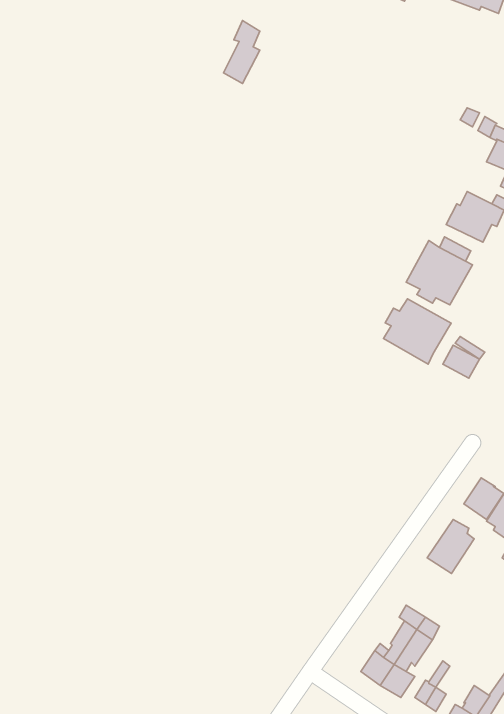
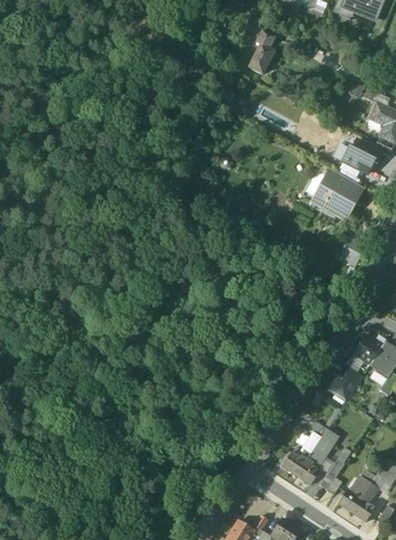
building: [223,21,260,83] -> [249,29,274,72]
building: [383,299,451,364] -> none

